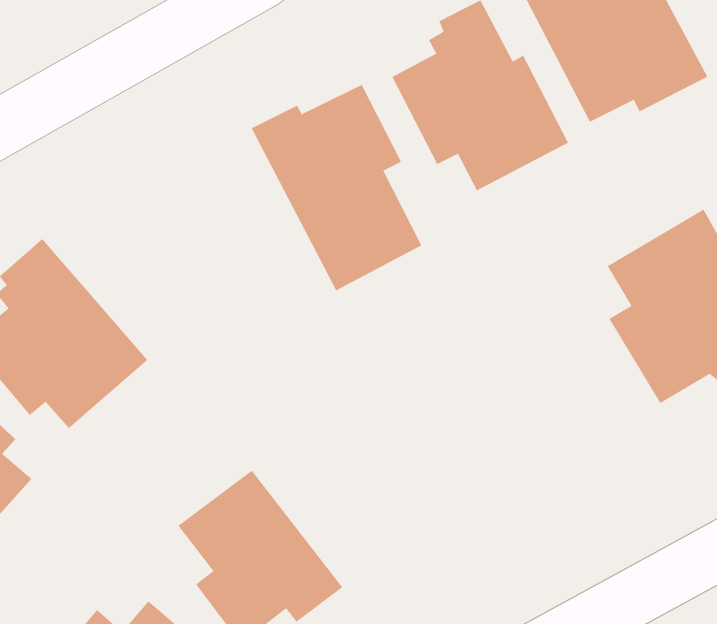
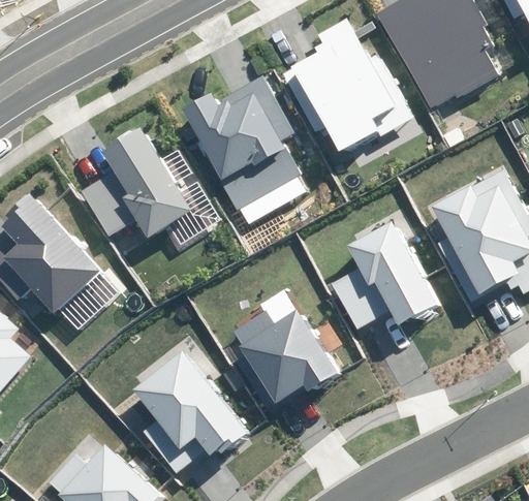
building: none -> [79,128,191,238]
building: none -> [330,215,439,327]
building: none -> [230,307,341,415]

